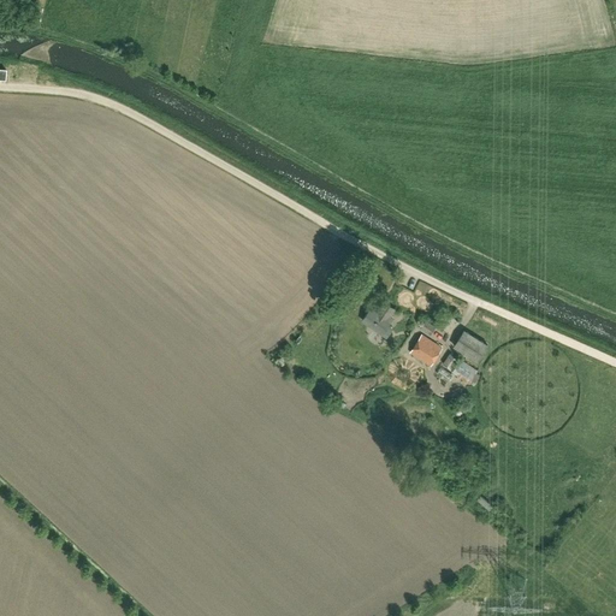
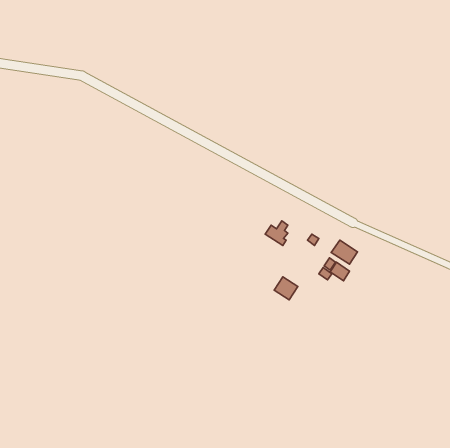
building: [410,337,443,368] -> [274,277,298,300]

